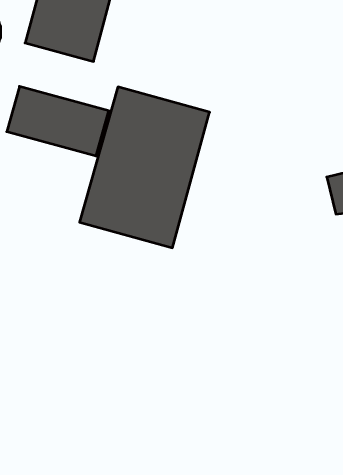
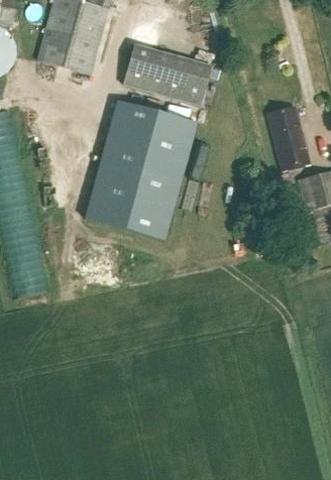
building: [7,86,109,156] -> [123,44,212,105]
building: none -> [268,106,309,169]

